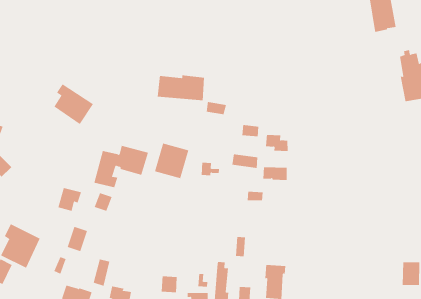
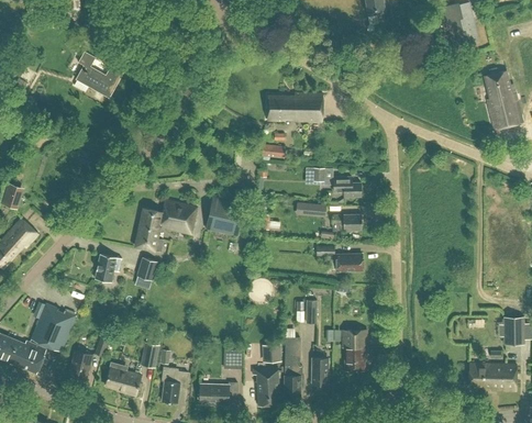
building: [157,75,205,101] -> [266,93,321,122]
building: [53,84,94,125] -> [75,52,122,99]
building: none -> [336,255,363,271]
building: [67,226,88,252] -> [68,350,91,380]

